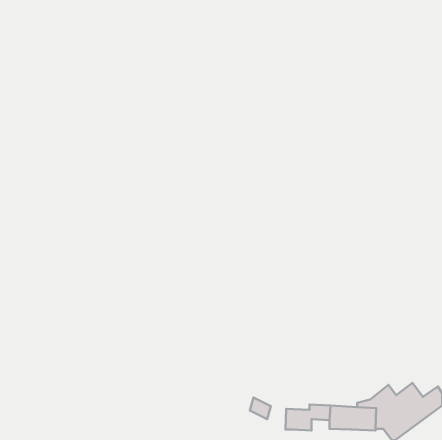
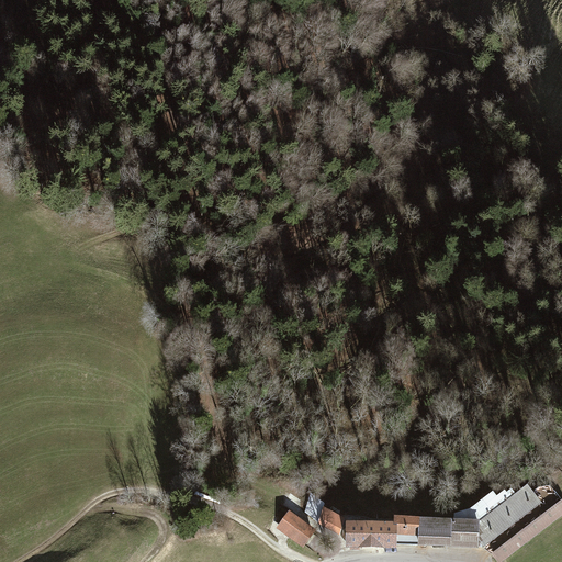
building: none -> [276,509,315,547]
building: none -> [344,518,363,546]

